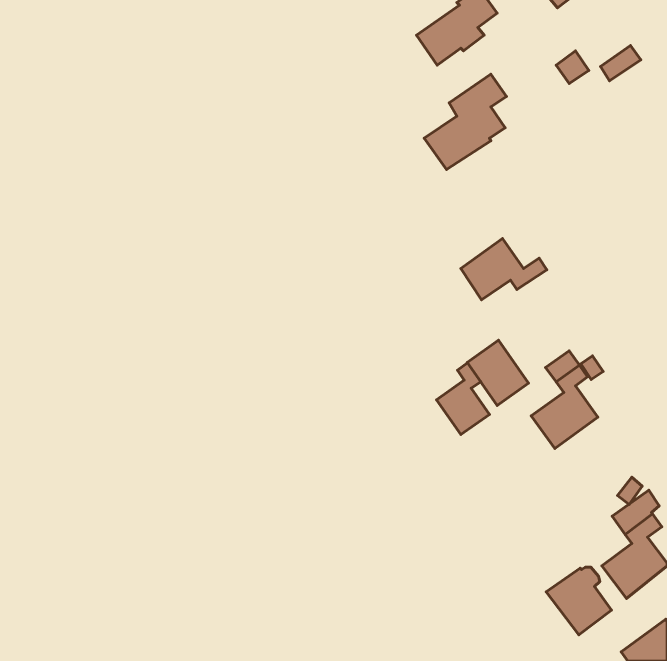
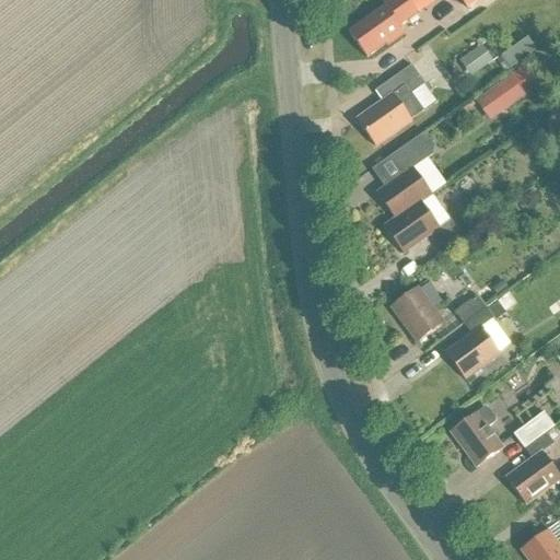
building: none -> [475,73,527,119]
building: none -> [376,145,433,225]
building: [437,363,490,435] -> none
building: [546,567,612,635] -> [450,408,504,465]

